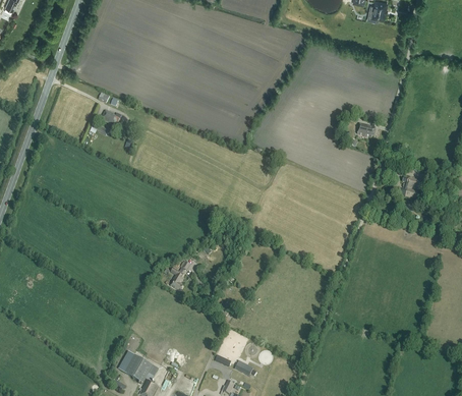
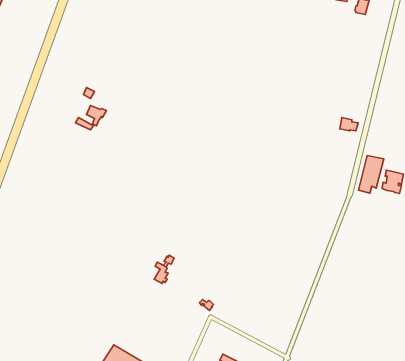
building: none -> [358,156,384,193]

